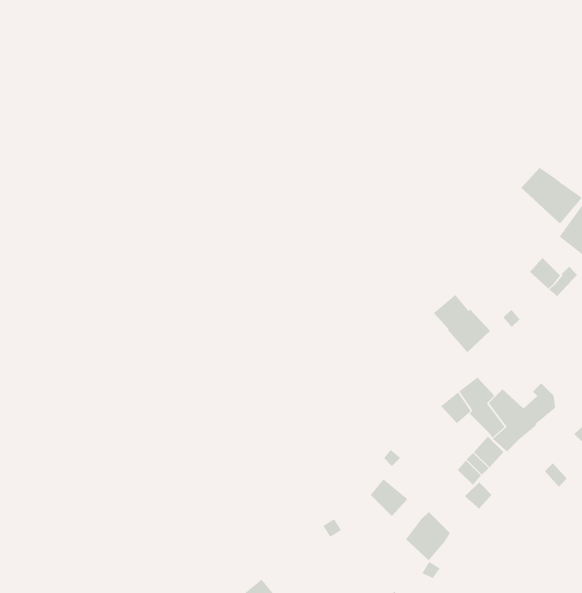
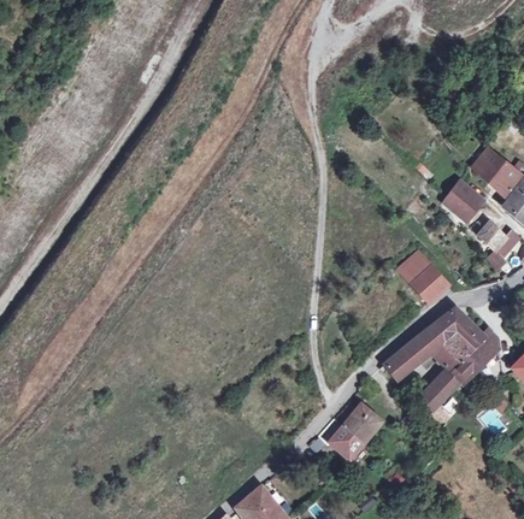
building: none -> [443,181,482,220]
building: none -> [436,307,484,347]
building: none -> [383,346,419,379]
building: [405,511,451,561] -> [329,418,366,459]

